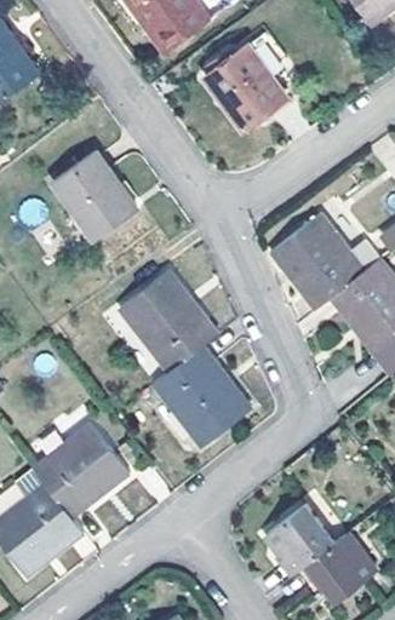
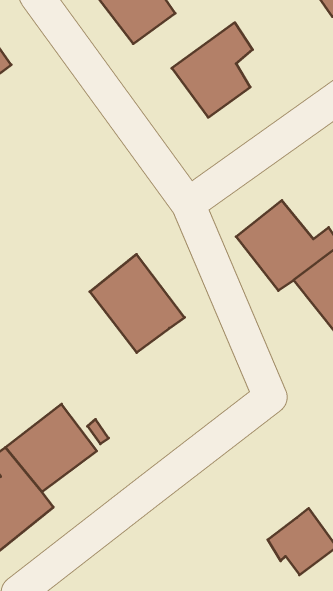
building: [52,150,138,240] -> none
building: [153,345,251,446] -> none
building: [265,504,334,576] -> none

